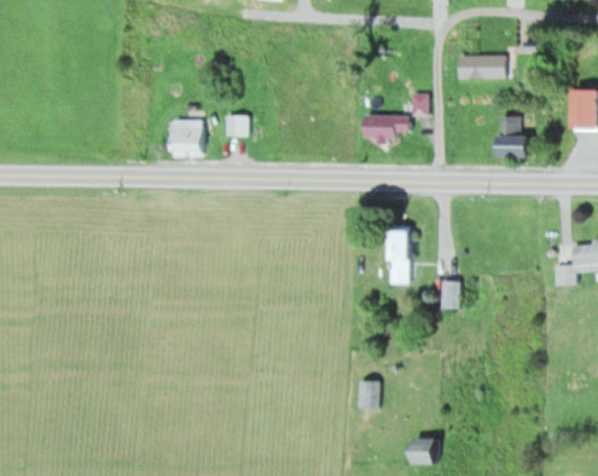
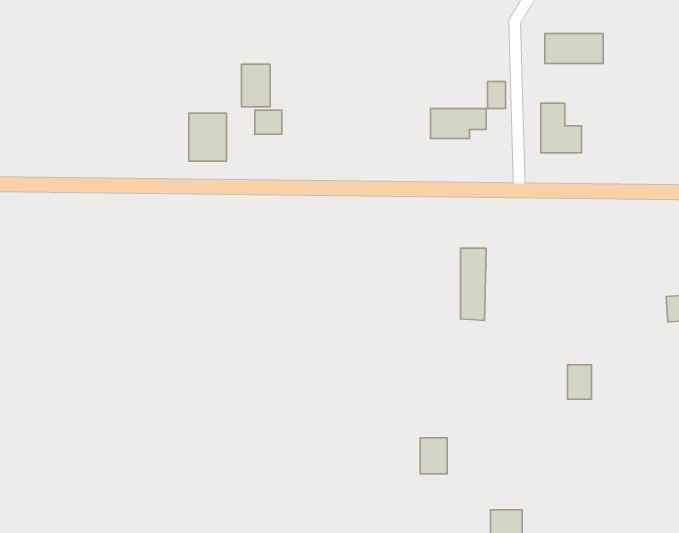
building: none -> [241,64,270,107]
building: [498,116,530,156] -> [541,103,582,153]
building: [440,280,459,308] -> [568,365,592,399]

